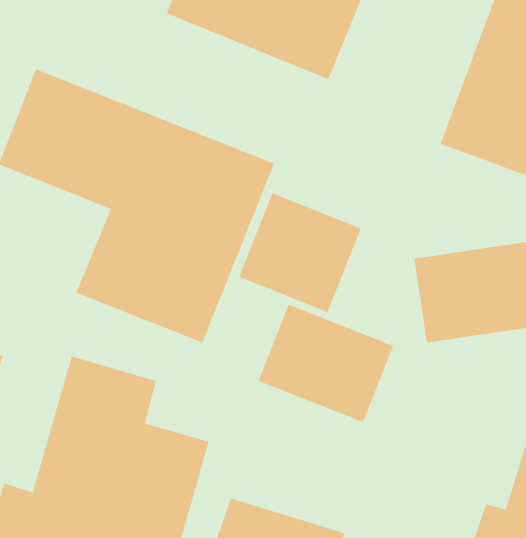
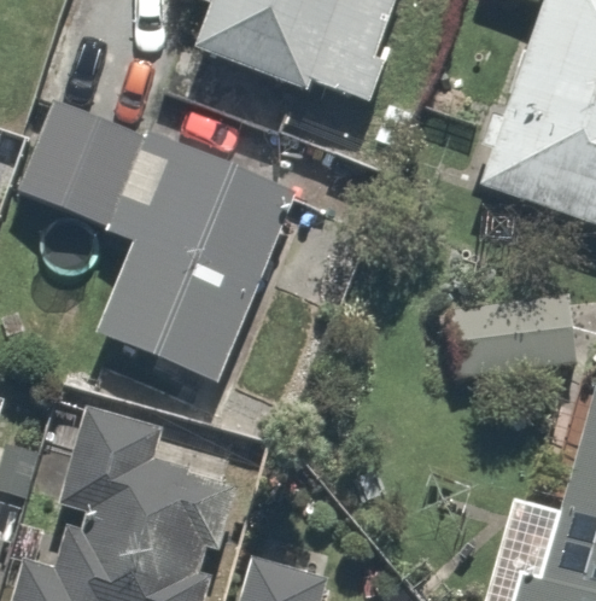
building: [239,193,361,313] -> none
building: [258,304,394,423] -> none

